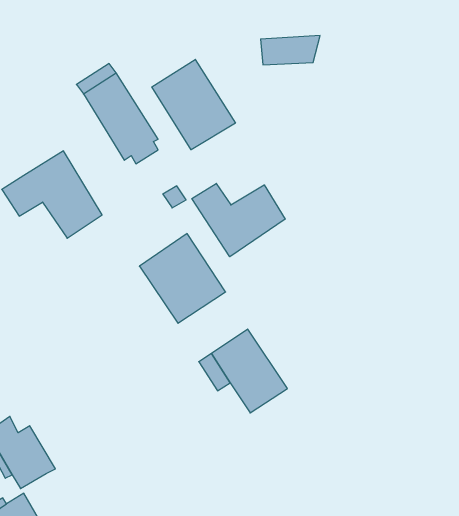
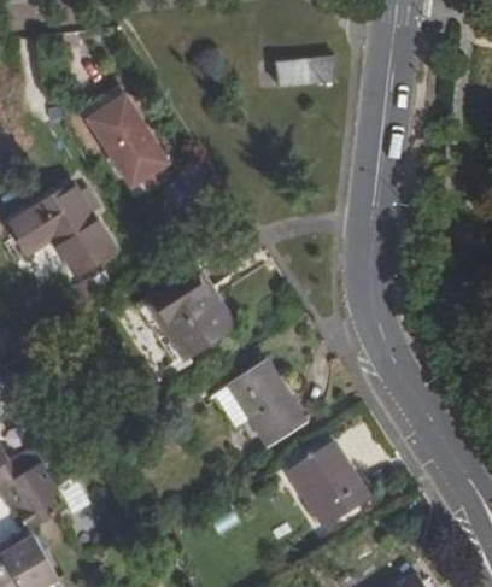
building: [152,59,235,150] -> none
building: [192,183,285,257] -> none
building: none -> [288,450,368,532]

